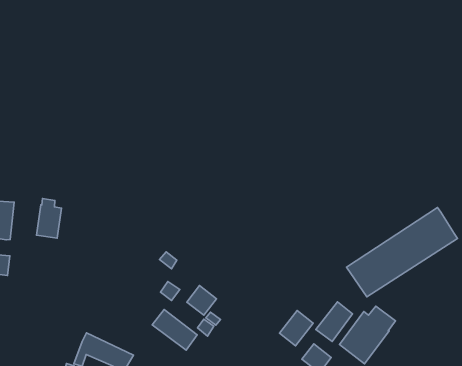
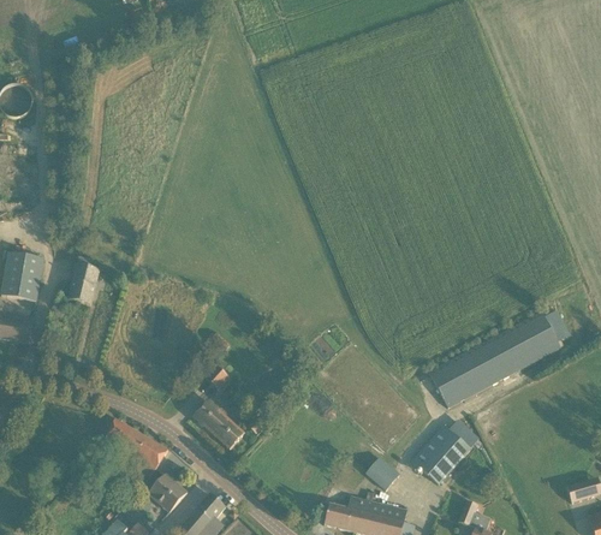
building: [187,286,216,315] -> none
building: [316,302,353,342] -> none
building: [280,311,313,346] -> none

